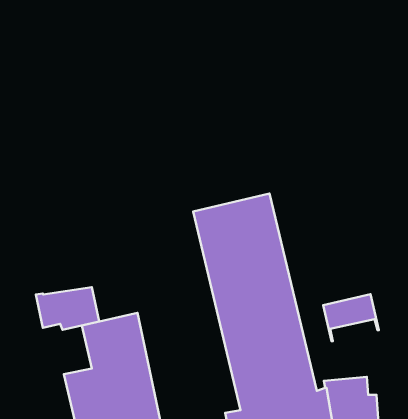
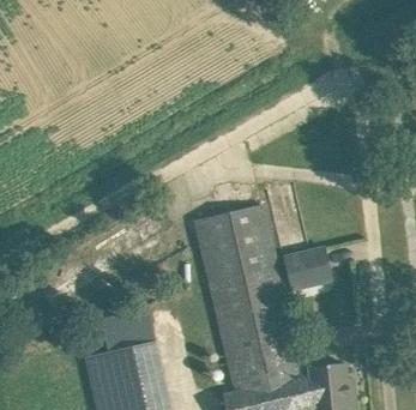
building: [36,287,99,330] -> none
building: [323,294,379,341] -> [284,248,332,289]

